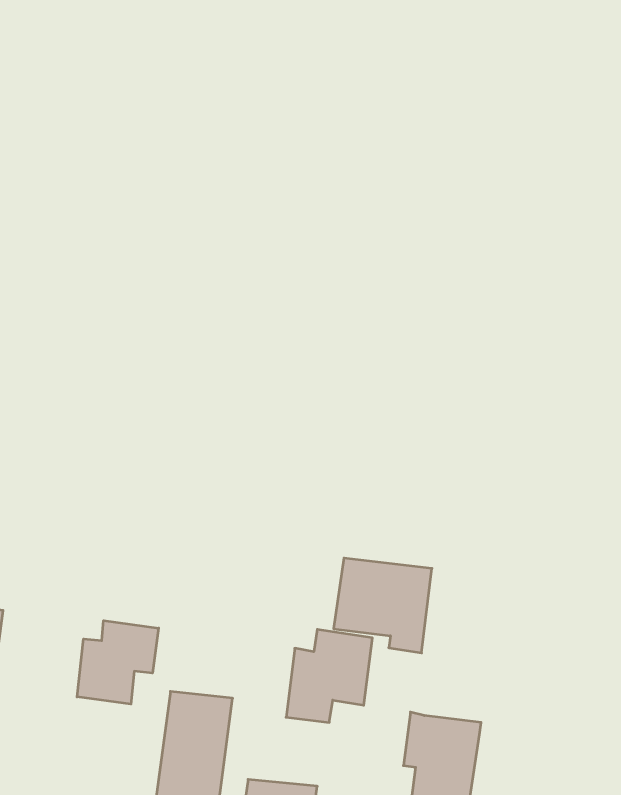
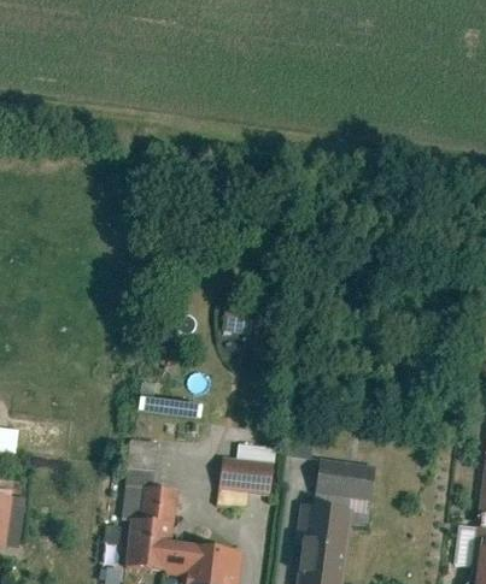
building: [334,558,432,653] -> [309,455,377,521]
building: [77,621,159,704] -> none

